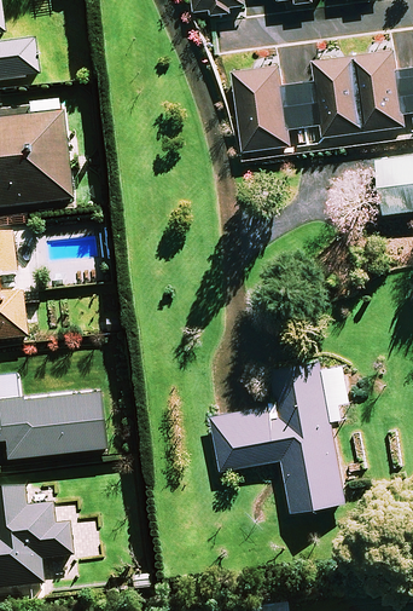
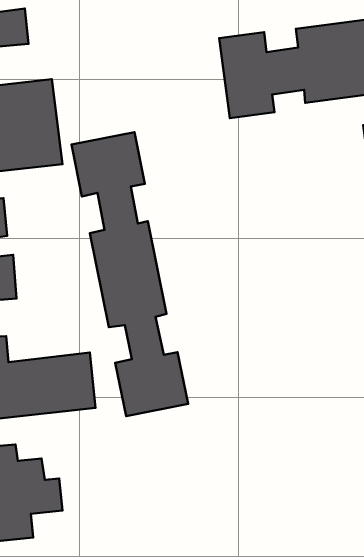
building: none -> [72,132,188,416]
building: [211,362,347,512] -> none

